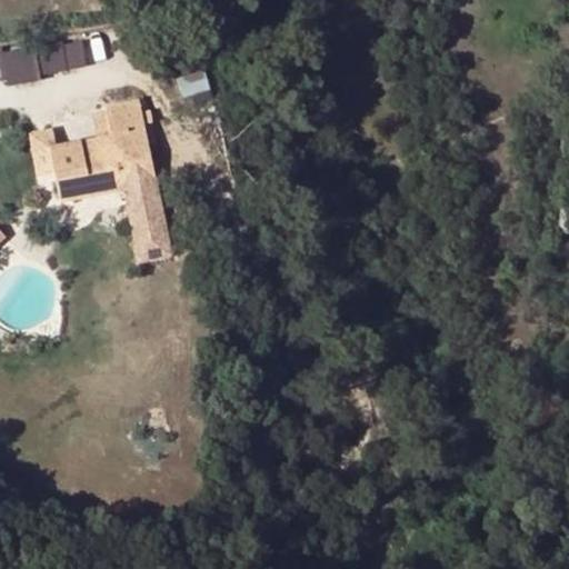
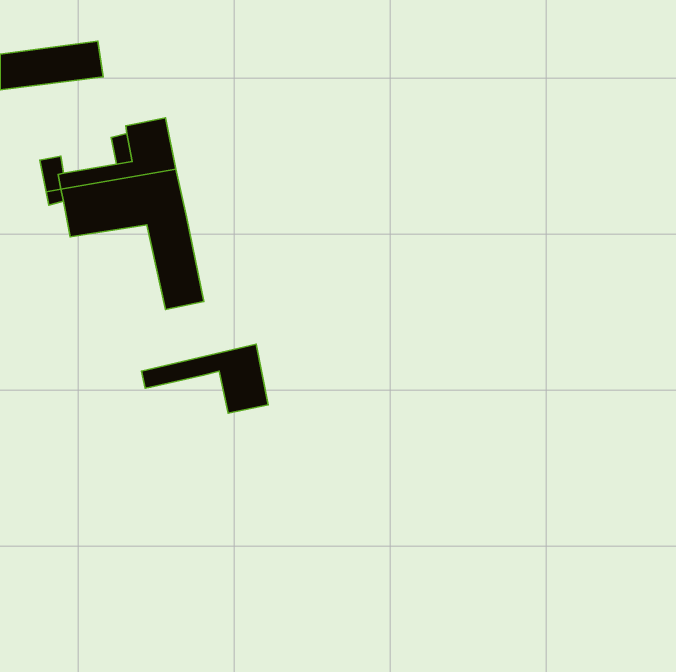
building: none -> [141,344,268,413]

